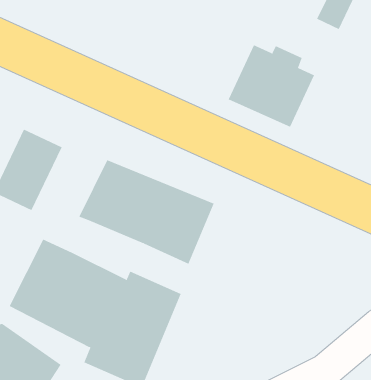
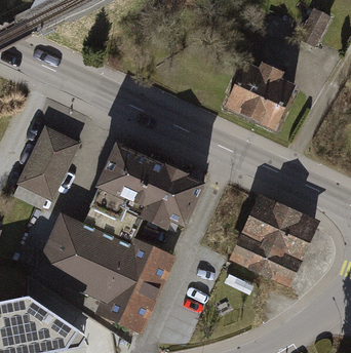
building: none -> [86,202,146,251]
building: none -> [227,202,321,292]

